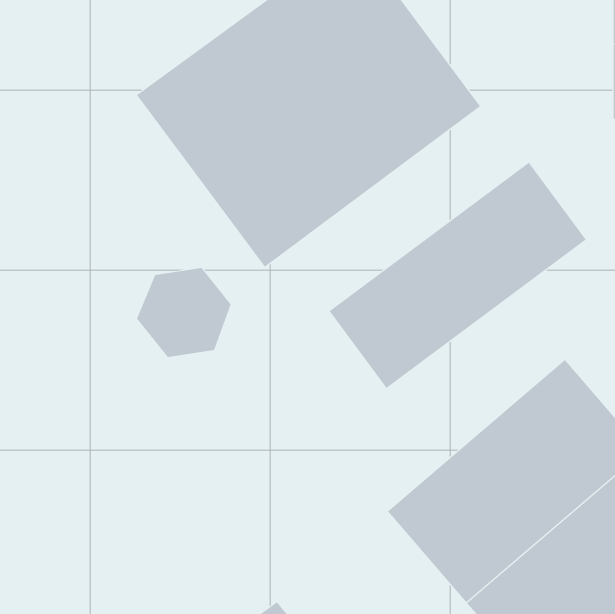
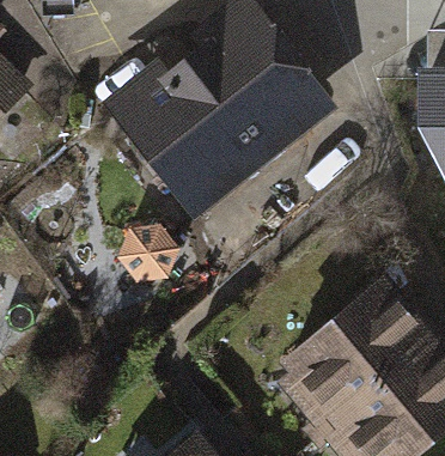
building: [329,162,587,389] -> none

